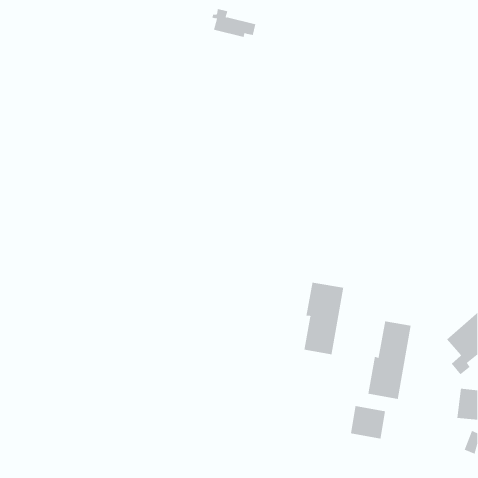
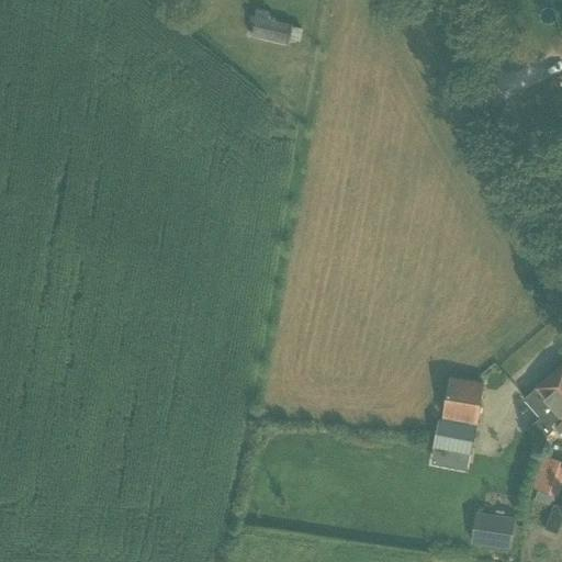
building: [304,282,344,355] -> none
building: [350,405,386,439] -> [473,512,515,551]

